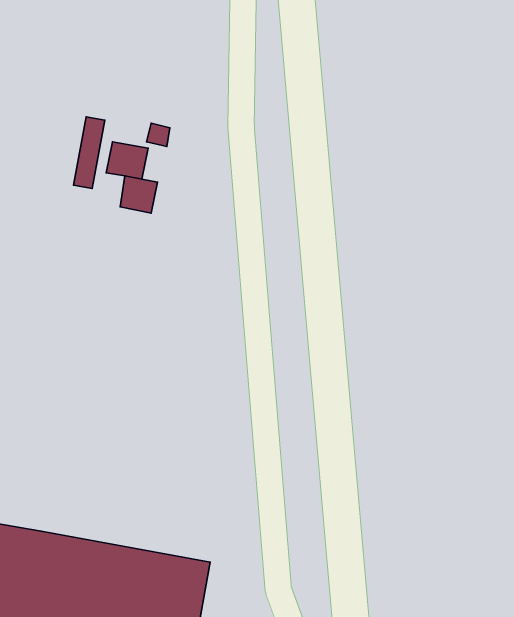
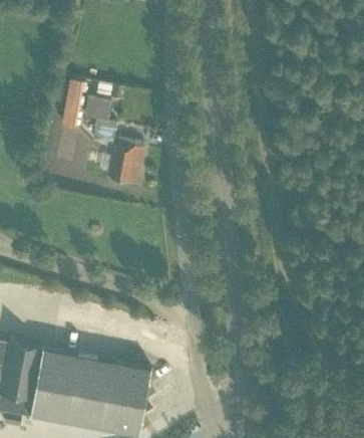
building: none -> [110,142,143,187]

